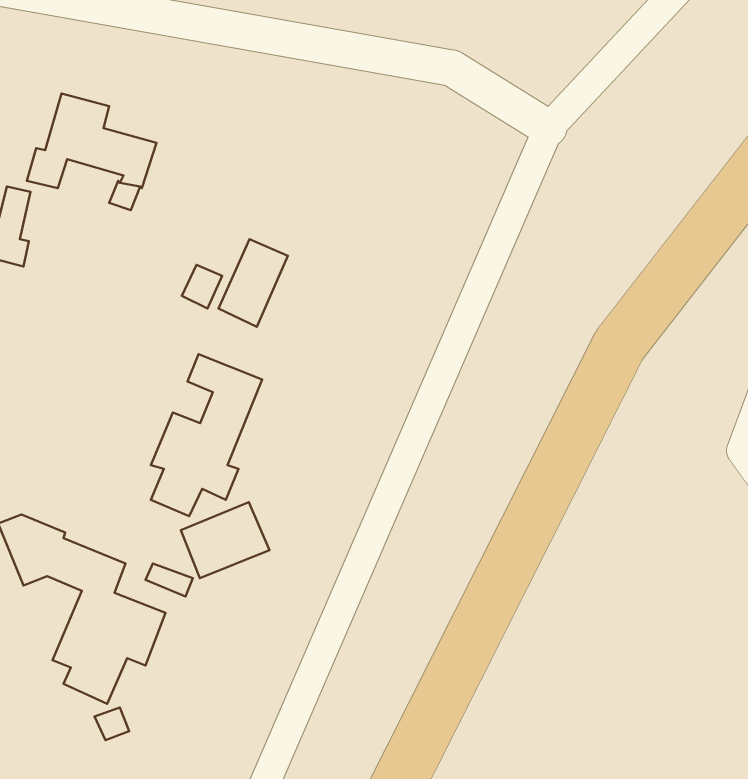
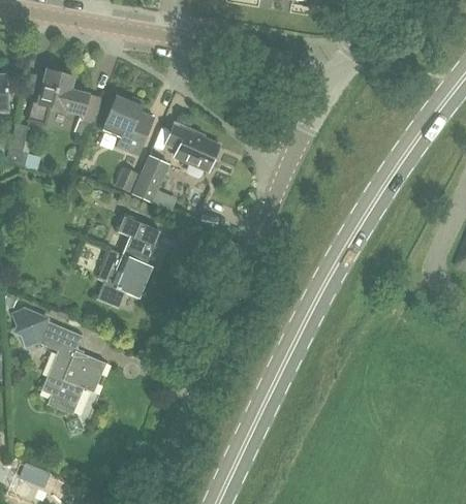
building: none -> [102,94,154,153]
building: none -> [164,121,218,177]
building: [181,502,269,578] -> none

